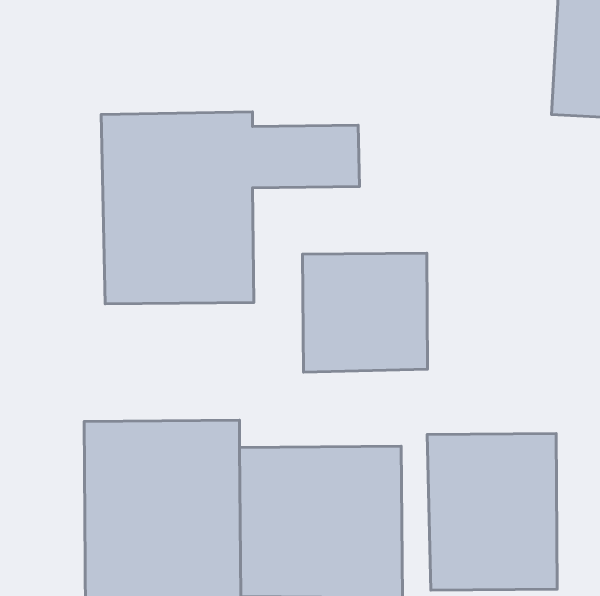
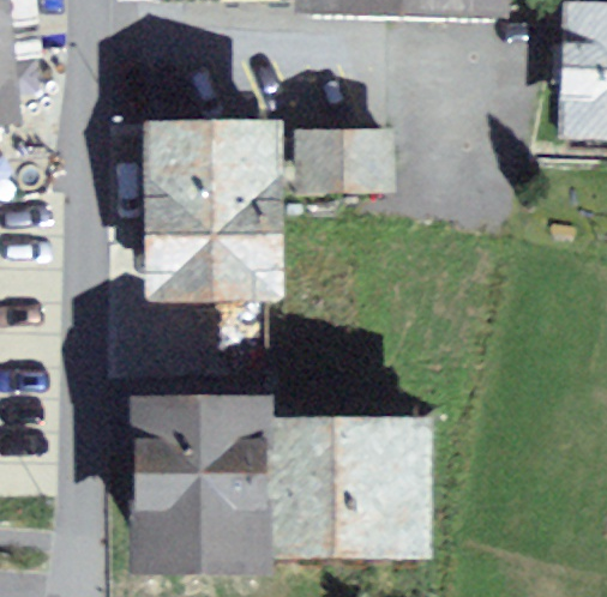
building: [303,253,428,372] -> none
building: [427,434,557,590] -> none

